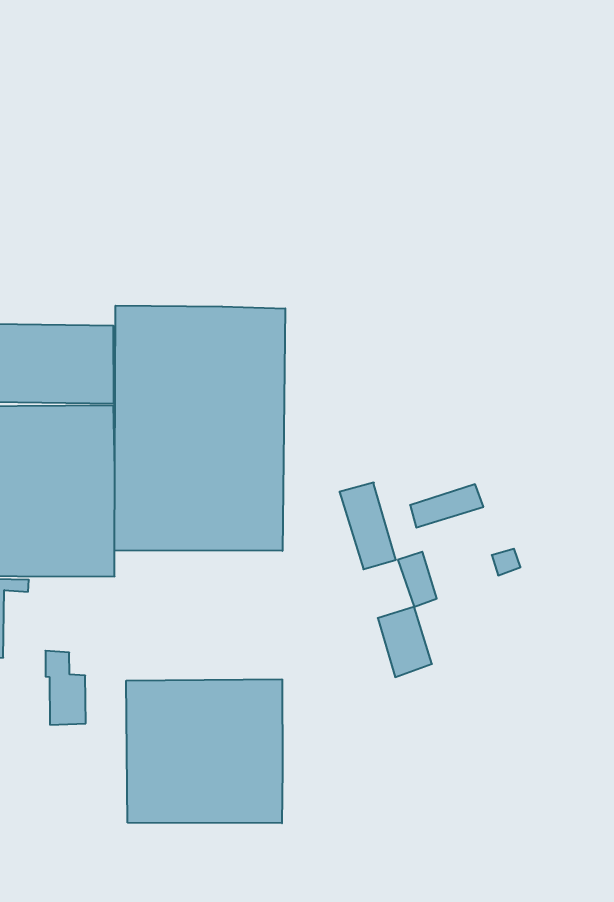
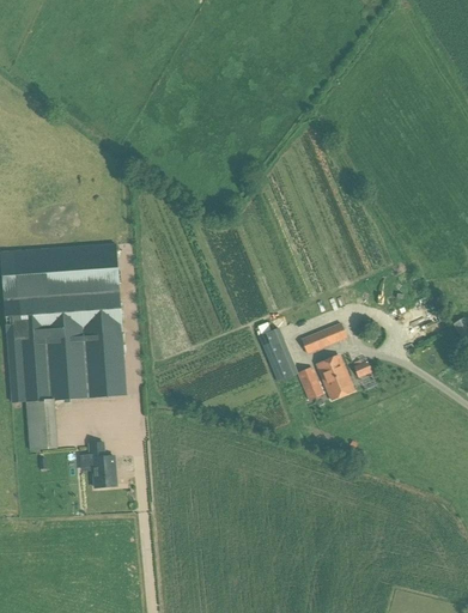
building: [115,306,285,551] -> none
building: [378,607,432,677] -> [317,356,352,399]
building: [126,679,283,823] -> none

